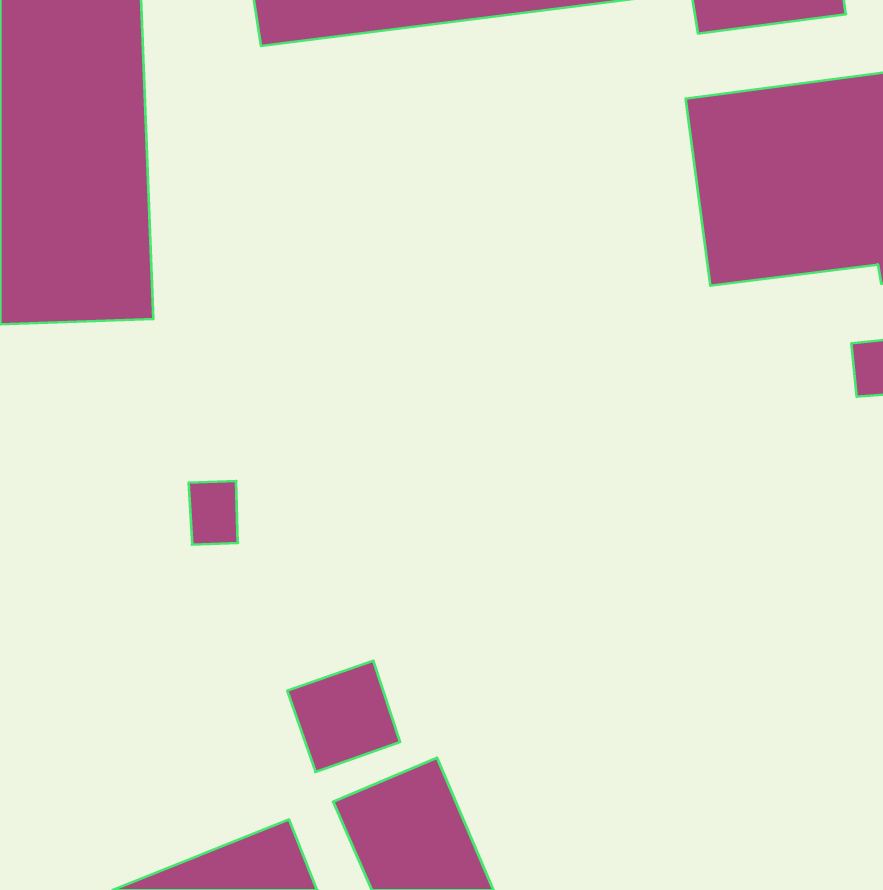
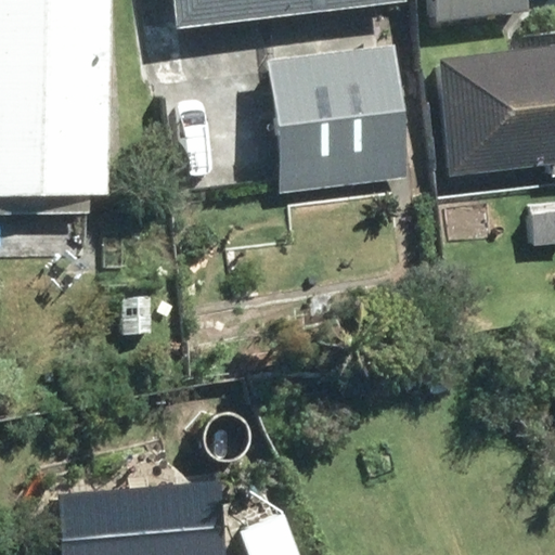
building: none -> [244,46,412,198]

